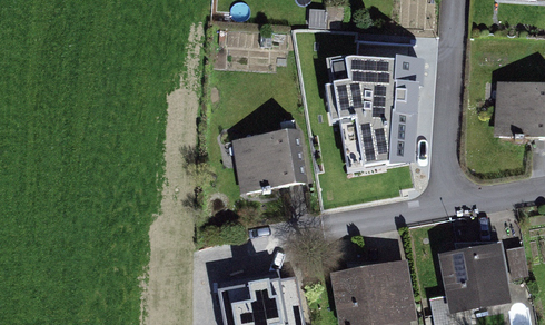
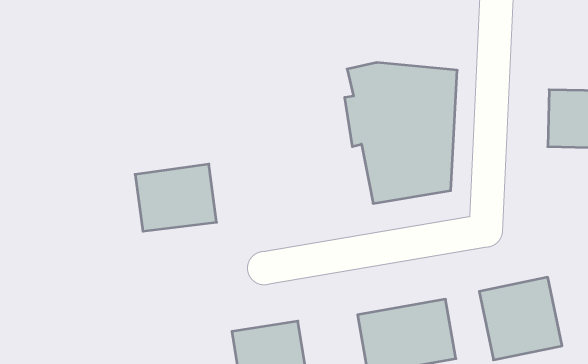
building: [236,127,306,185] -> [135,164,217,231]

